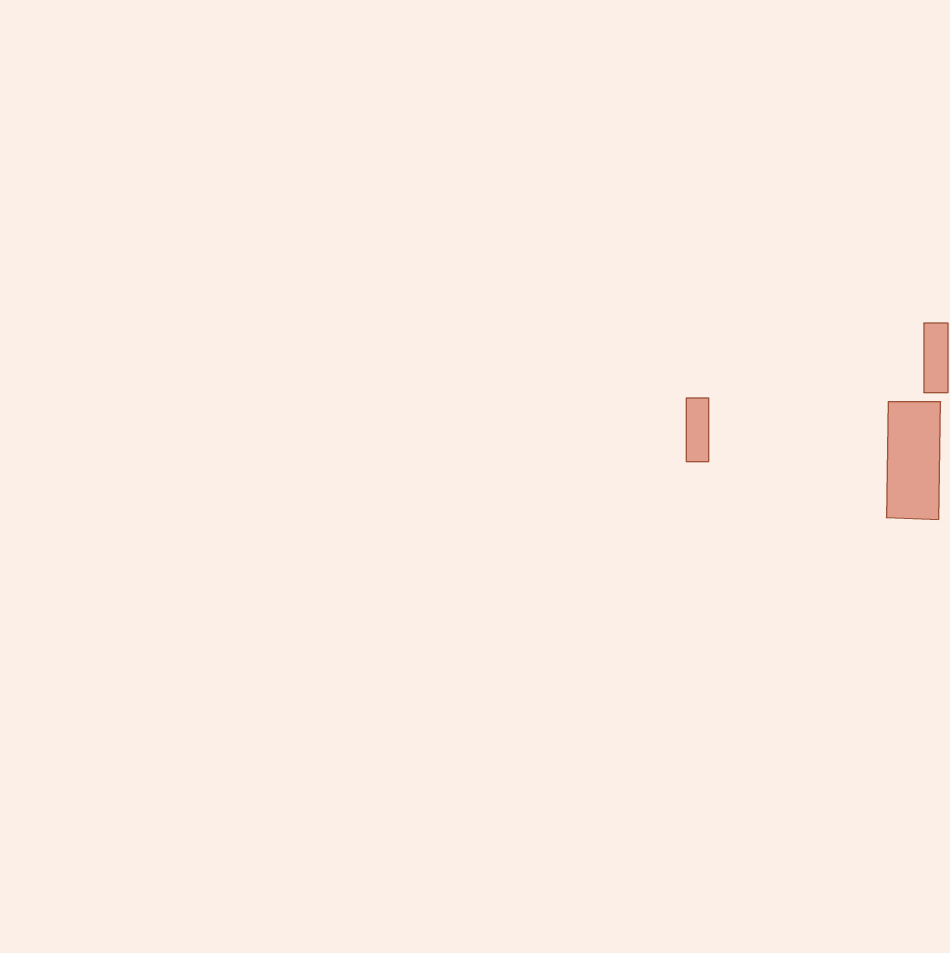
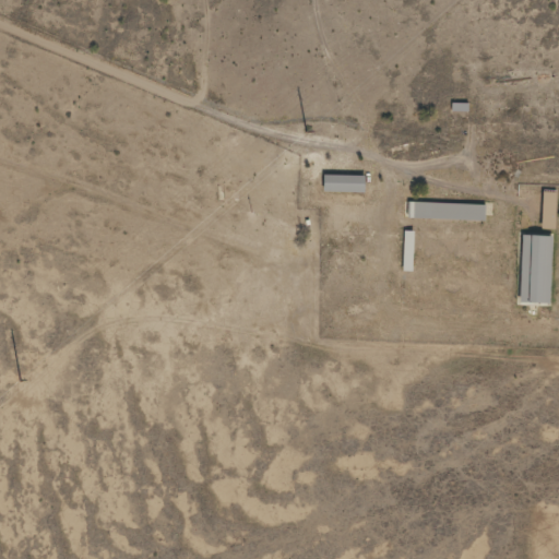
building: none -> [323,175,365,191]
building: none -> [408,201,486,219]

